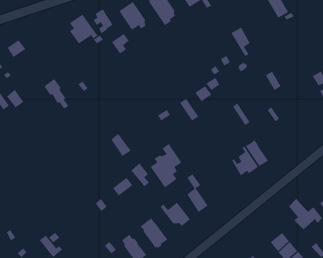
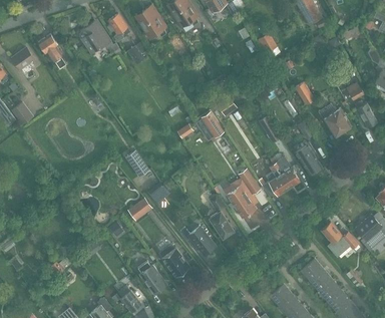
building: [44,78,69,109] -> [38,34,66,68]
building: none -> [319,104,351,136]
building: none -> [293,140,322,174]
building: [150,143,182,188] -> [226,169,261,218]

